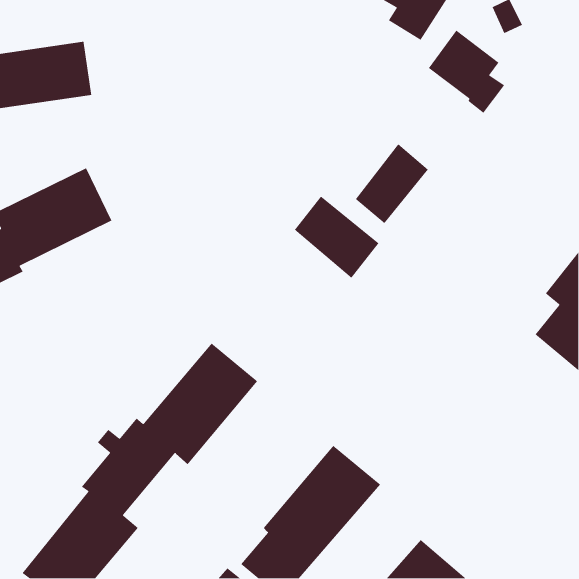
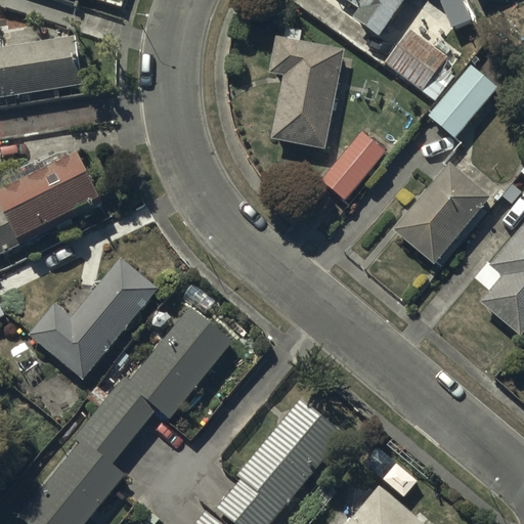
building: none -> [268,37,344,148]
building: none -> [428,64,496,138]
building: none -> [393,162,490,263]
building: [294,195,379,279] -> none
building: none -> [29,257,159,379]

